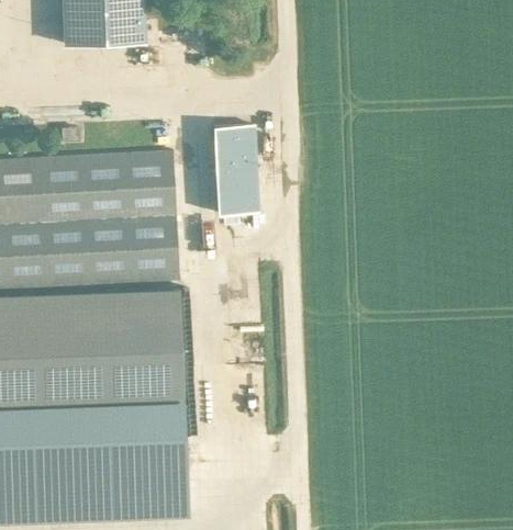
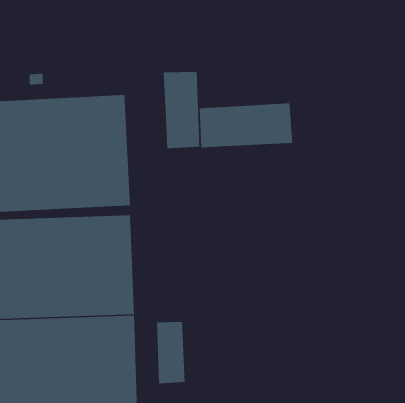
building: none -> [199,102,293,148]
building: none -> [156,321,185,384]

